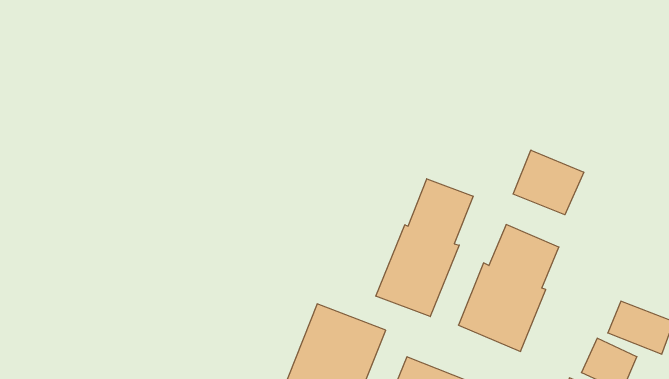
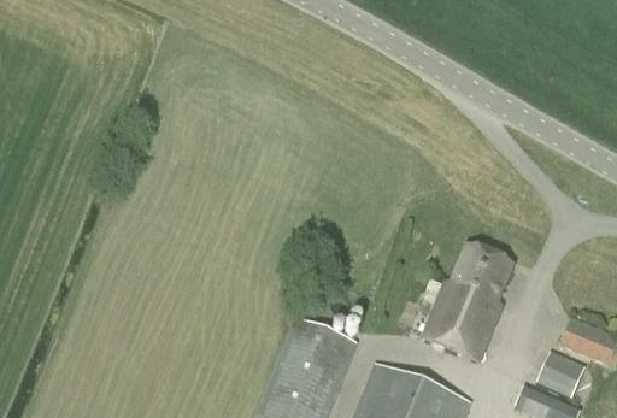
building: [513,150,584,215] -> none
building: [376,179,473,317] -> none

